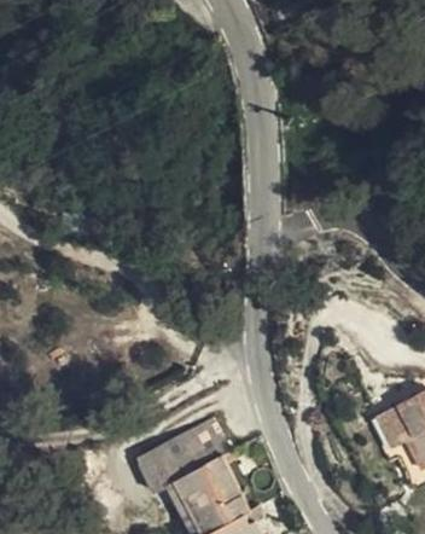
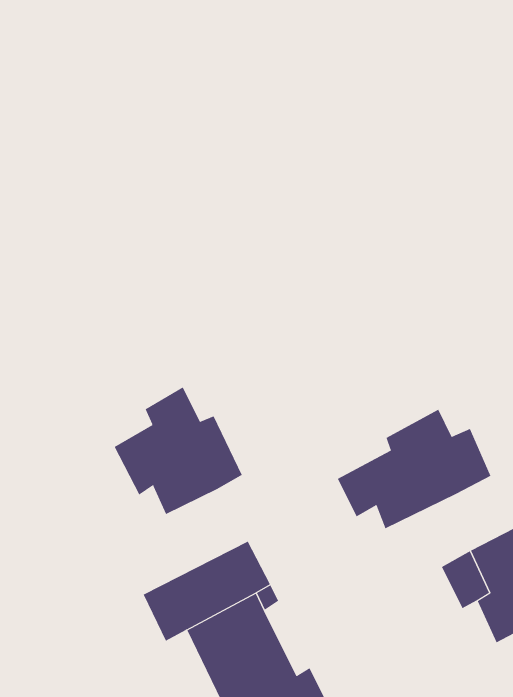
building: none -> [114,387,242,515]
building: none -> [337,409,491,529]

